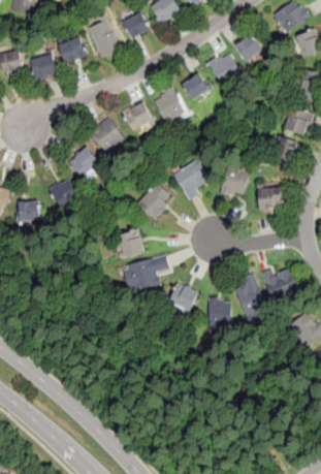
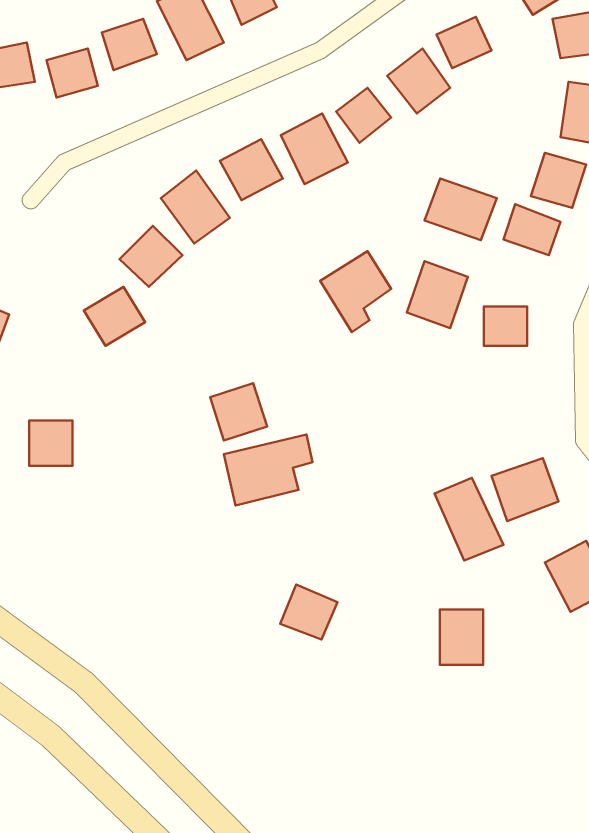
building: none -> [424,179,497,240]
building: [137,182,173,219] -> none
building: [15,200,38,224] -> [29,420,72,466]
building: [167,281,197,310] -> [280,585,337,640]
building: [207,297,230,326] -> [440,610,483,665]

